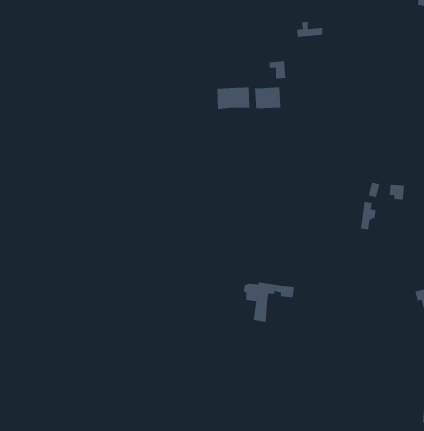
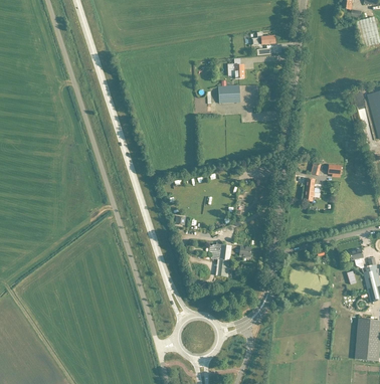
building: [217,87,250,110] -> none

